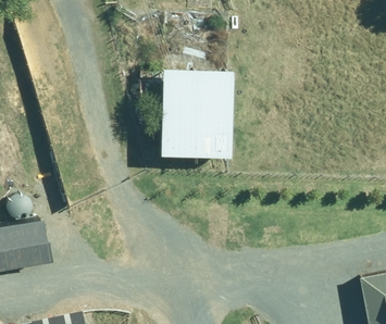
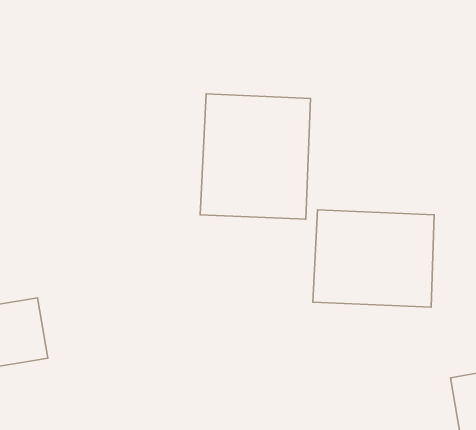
building: none -> [313,210,434,307]

